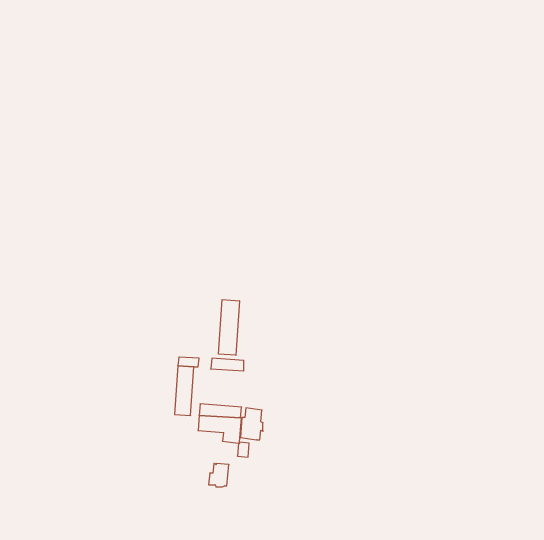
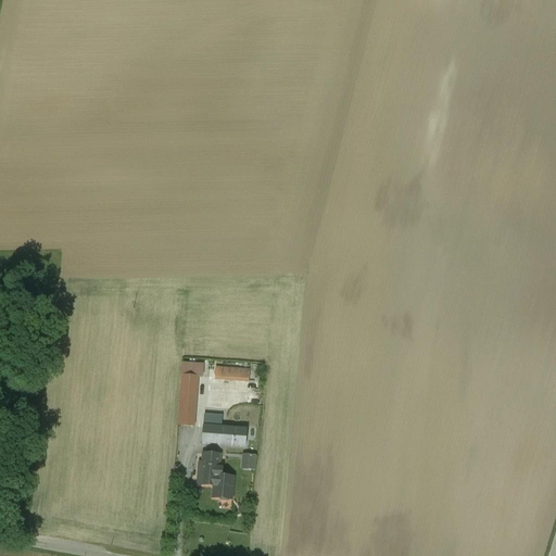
building: [219,300,239,355] -> none
building: [241,408,263,440] -> [198,451,220,483]

